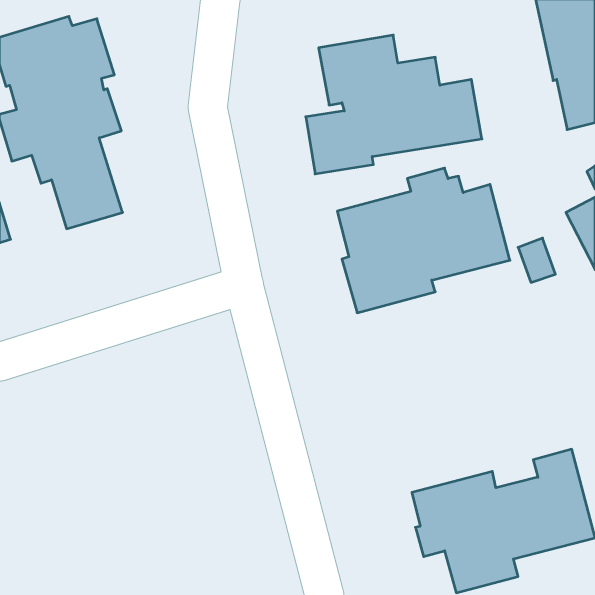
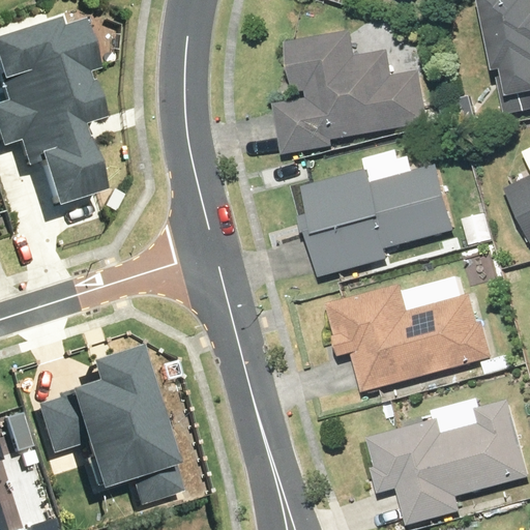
building: none -> [325,284,492,393]
building: none -> [42,344,186,502]

